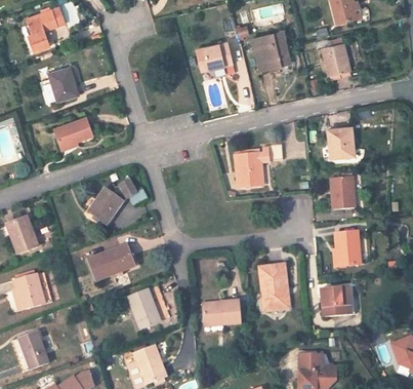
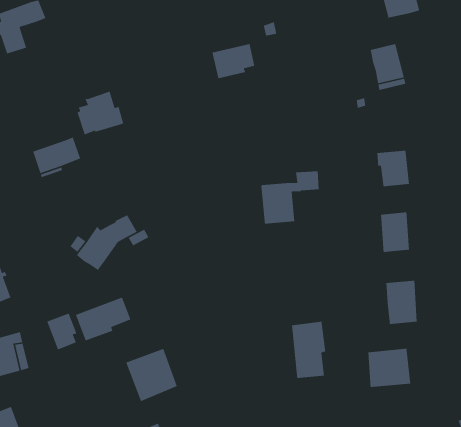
building: [251,32,288,71] -> none
building: [42,67,80,103] -> [77,90,124,135]
building: none -> [46,313,77,350]
building: [201,301,240,324] -> none

